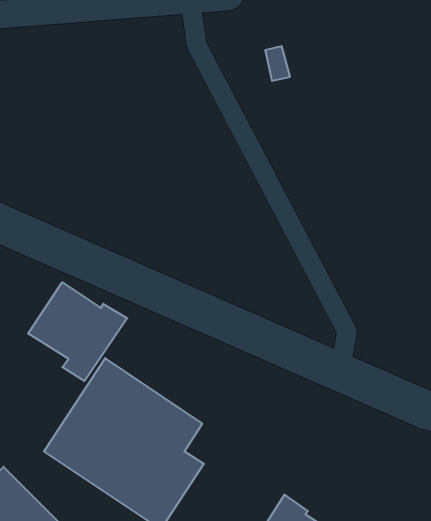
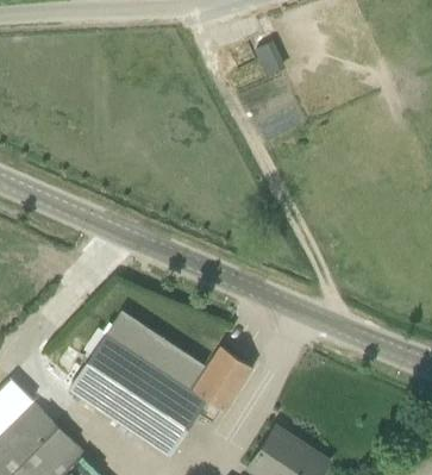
building: [28,282,127,381] -> none
building: none -> [193,346,252,411]

